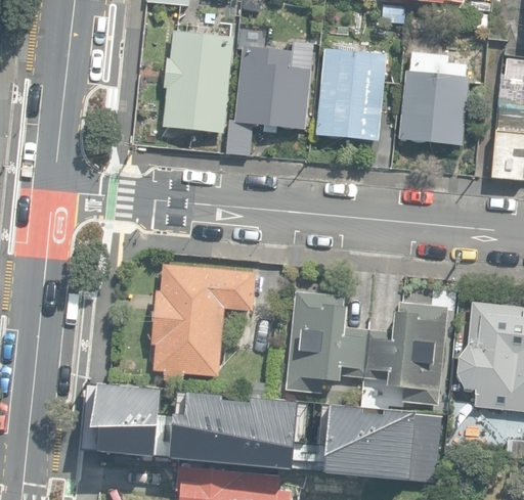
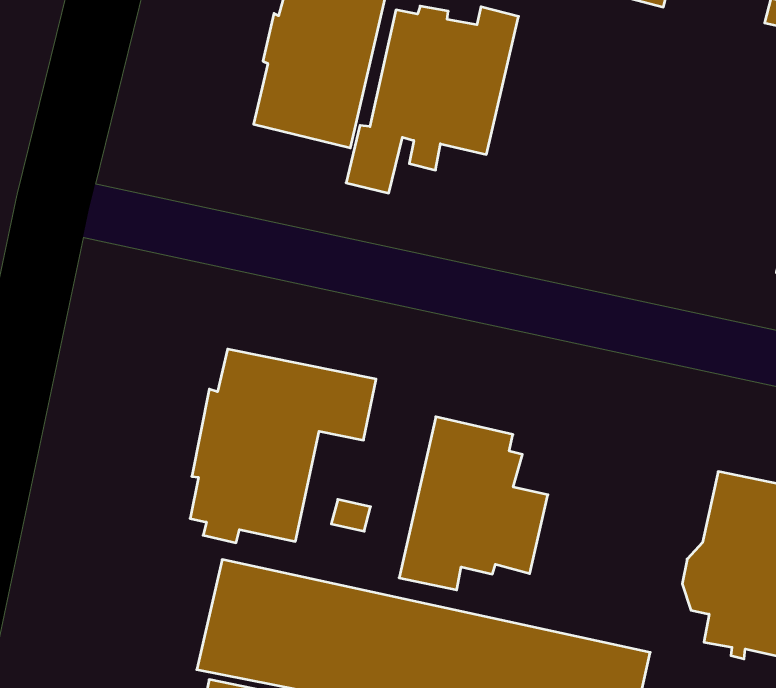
building: [314,48,386,140] -> none
building: [398,51,469,145] -> none
building: [363,302,447,404] -> none
building: [100,385,176,460] -> none

